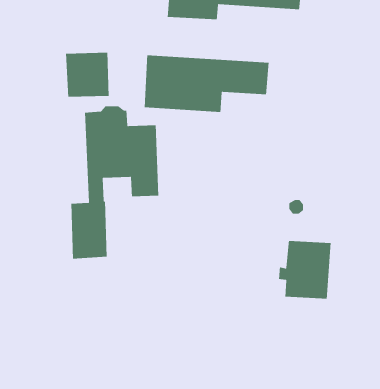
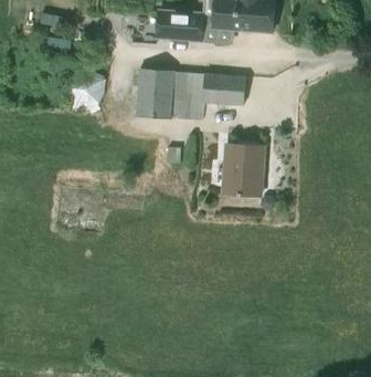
building: [70,105,159,259] -> none
building: [278,240,331,300] -> [219,144,265,196]

